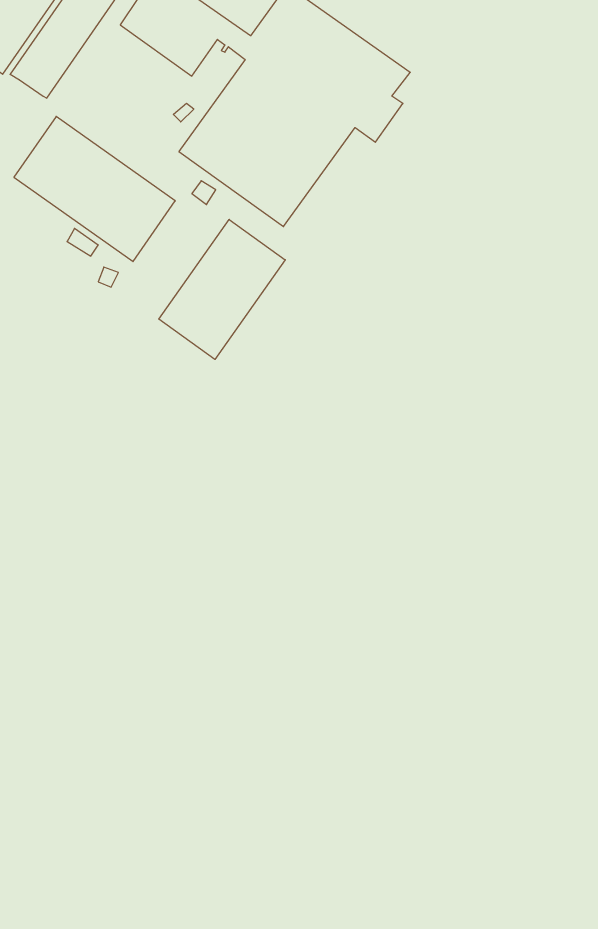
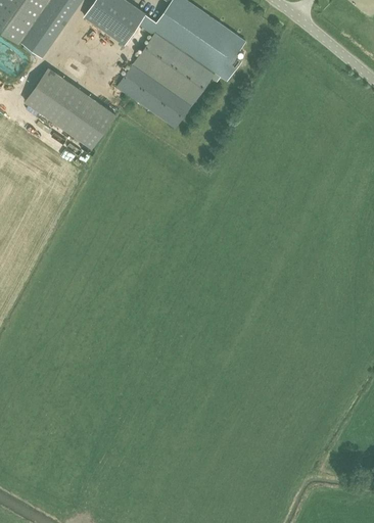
building: [159,219,285,359] -> none

